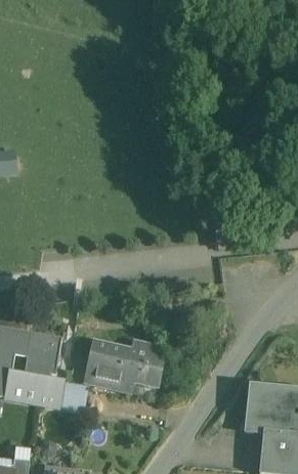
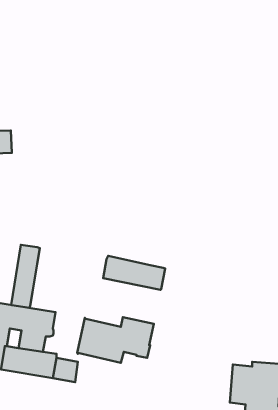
building: none -> [11,245,40,308]
building: none -> [103,256,165,290]

